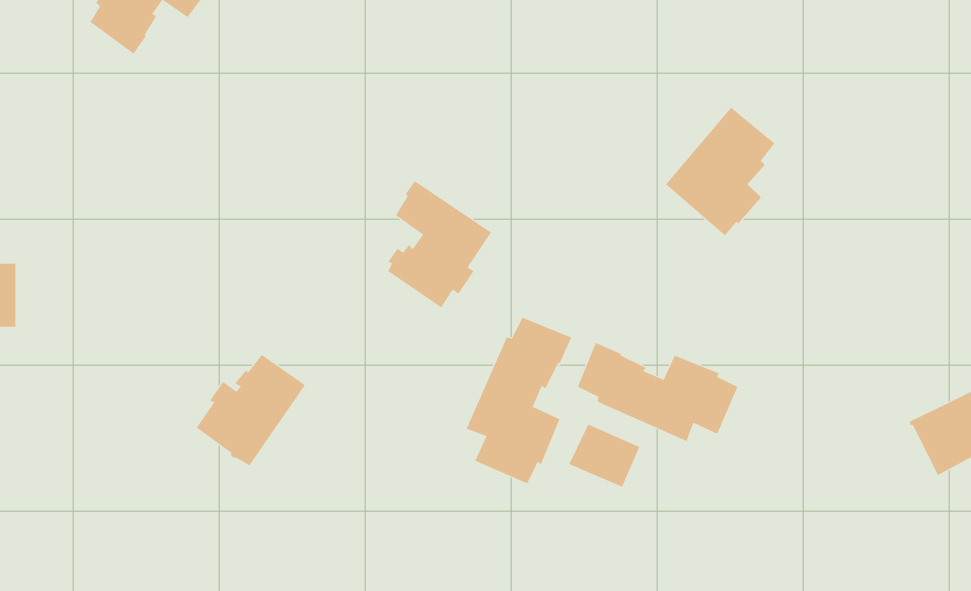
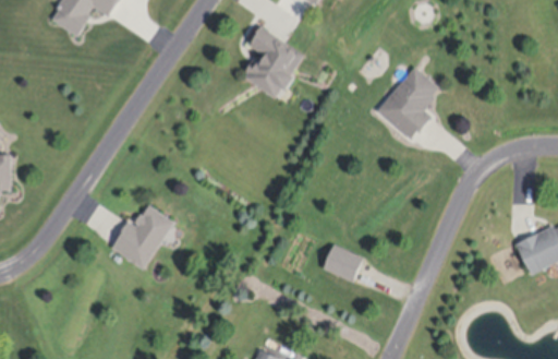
building: [387,180,492,308] -> [245,25,304,97]
building: [466,317,572,484] -> none
building: [577,342,738,442] -> none

